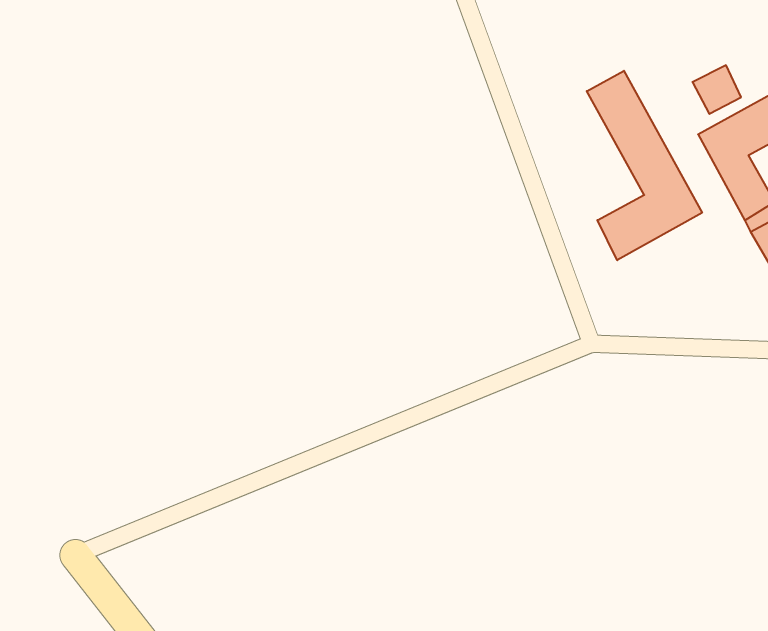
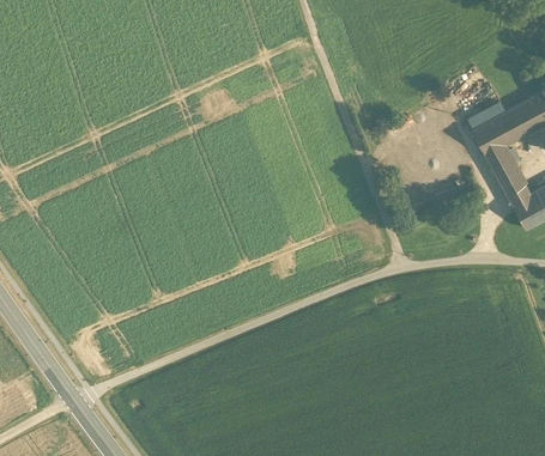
building: [587,71,702,260] -> none

